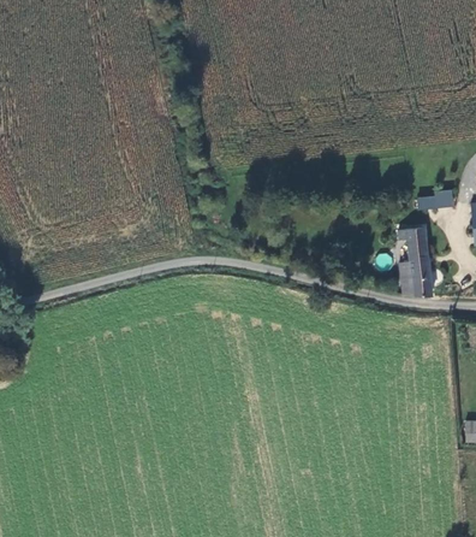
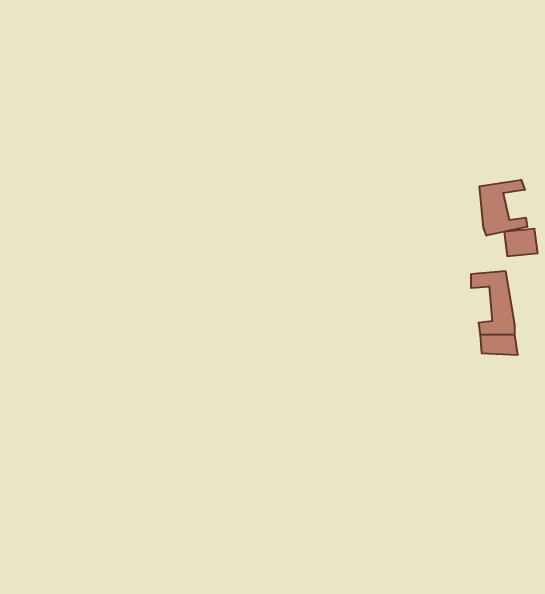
building: none -> [479,180,527,236]

